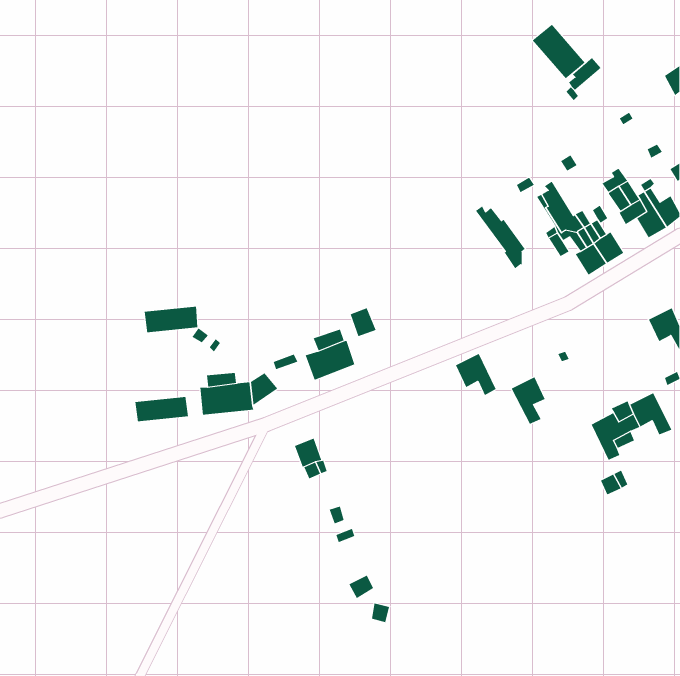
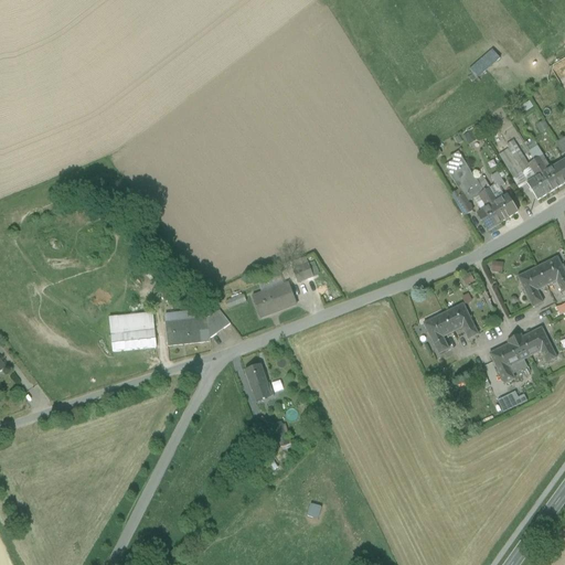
building: [532,24,586,79] -> none
building: [475,205,526,269] -> none
building: [144,306,198,333] -> [109,311,154,333]
building: none -> [518,265,546,306]
building: [455,353,496,396] -> [444,302,478,338]

